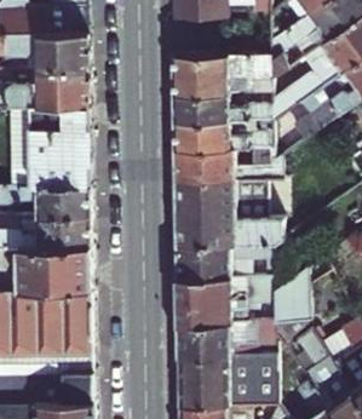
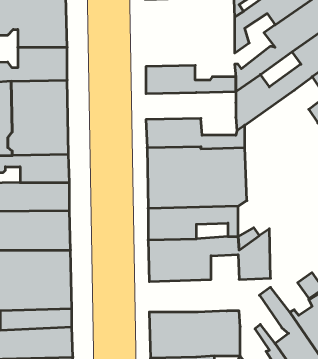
building: [173,52,270,93] -> none
building: [174,121,271,150] -> none
building: [178,322,275,357] -> none

